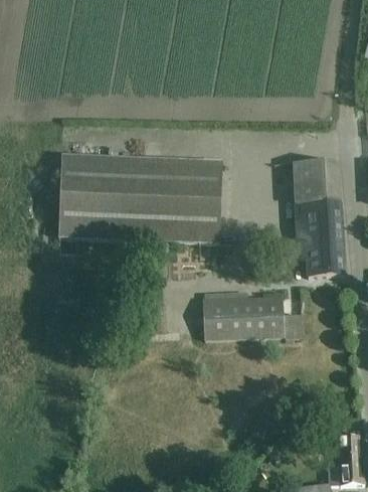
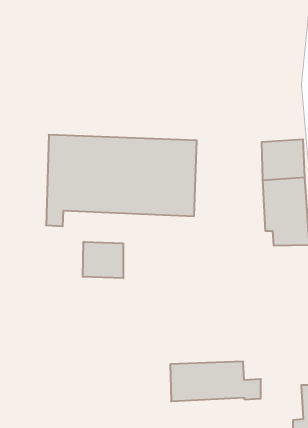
building: none -> [83,242,123,278]
building: [203,295,302,338] -> [170,362,261,401]

